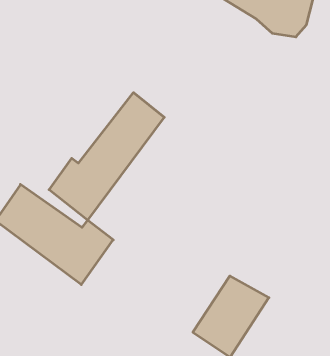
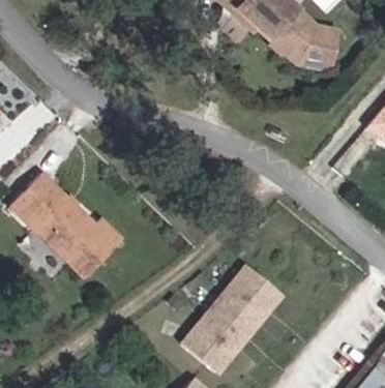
building: [49,93,164,220] -> none
building: none -> [228,264,280,314]

